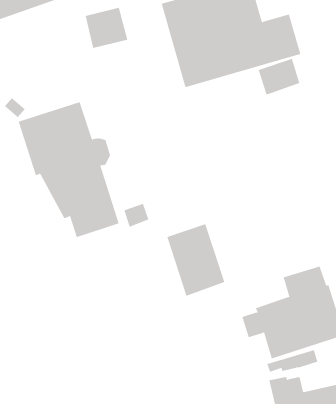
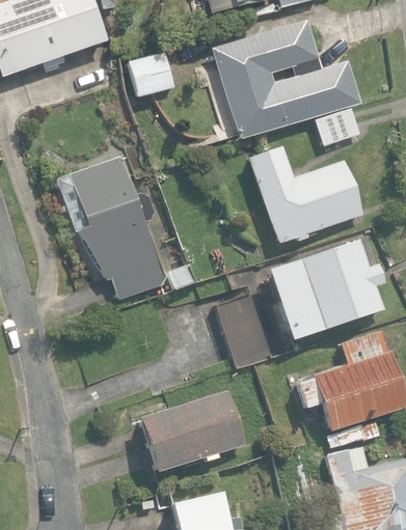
building: none -> [247,146,363,244]
building: none -> [266,239,386,341]
building: none -> [139,390,246,473]

